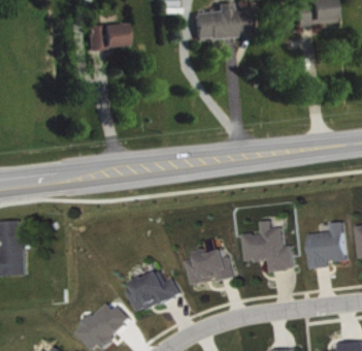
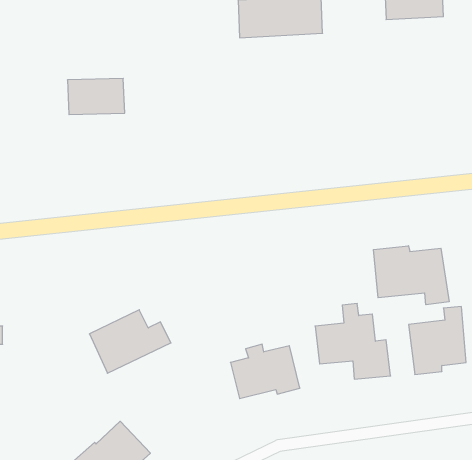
building: [85,23,124,47] -> [67,78,125,115]
building: none -> [373,246,449,305]
building: [127,269,183,313] -> [89,310,171,373]

